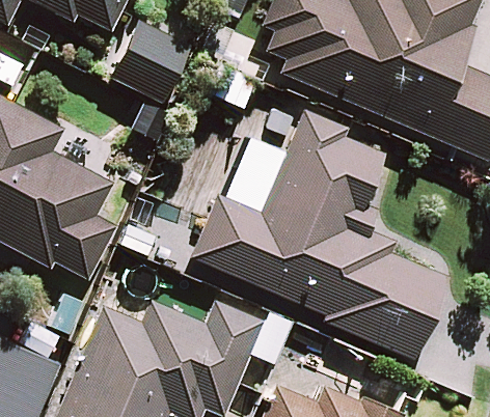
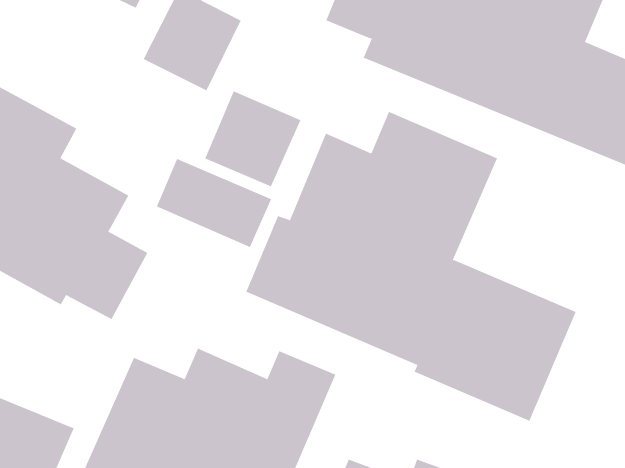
building: none -> [204,91,301,187]
building: none -> [156,158,272,248]

